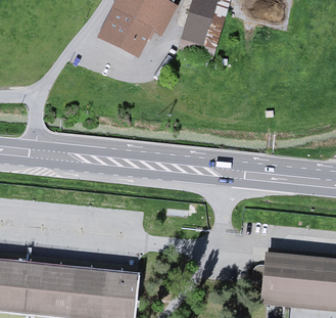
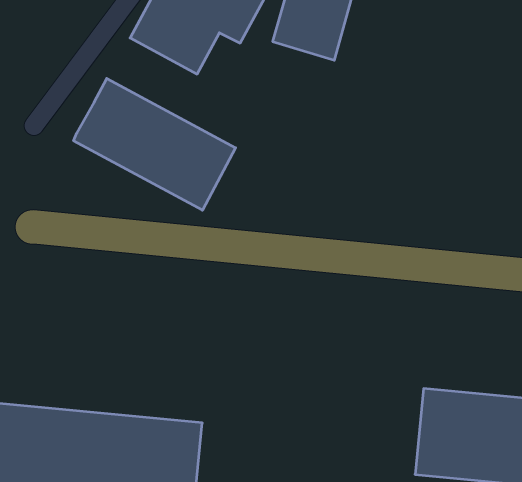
building: none -> [74,78,236,210]

